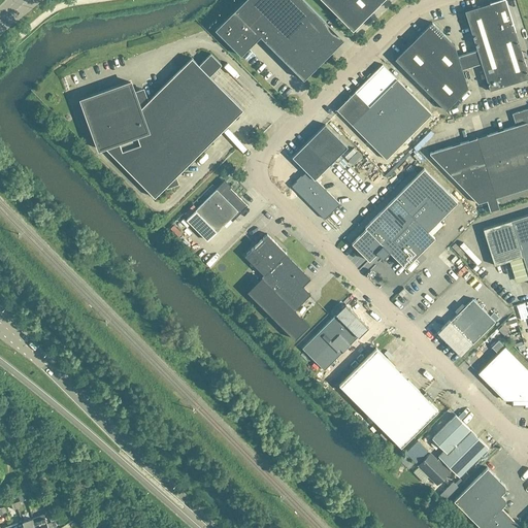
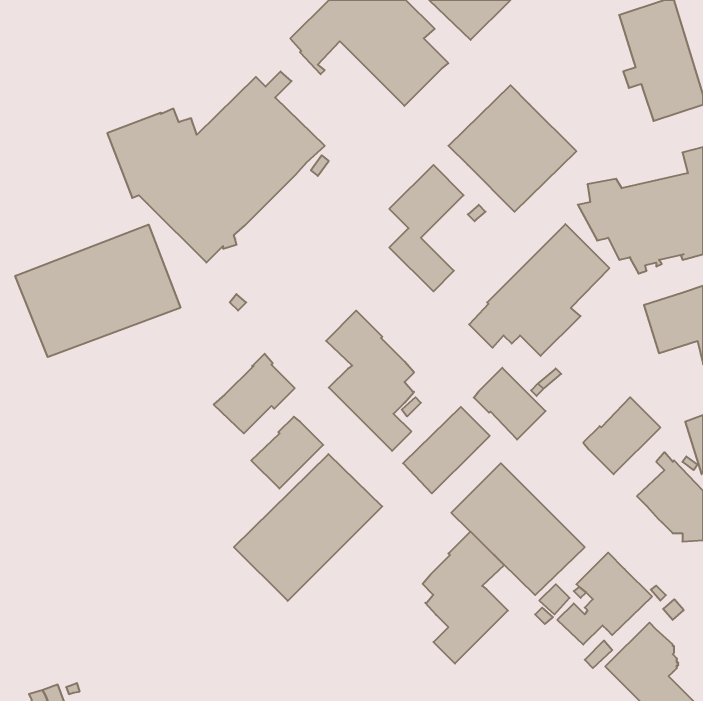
building: [395,23,471,111] -> none
building: none -> [15,225,180,357]
building: [187,180,248,240] -> [214,354,295,433]
building: none -> [474,368,546,440]
building: none -> [251,417,323,489]
building: none -> [234,454,382,601]
building: none -> [423,532,508,664]

